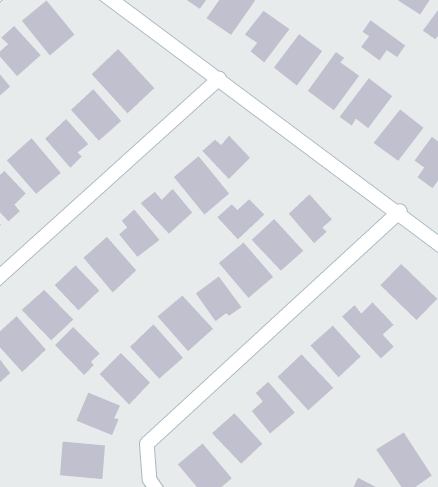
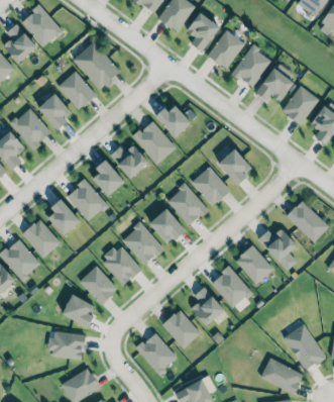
building: [360,19,406,61] -> none
building: [217,198,265,240] -> none
building: [54,326,101,376] -> none

